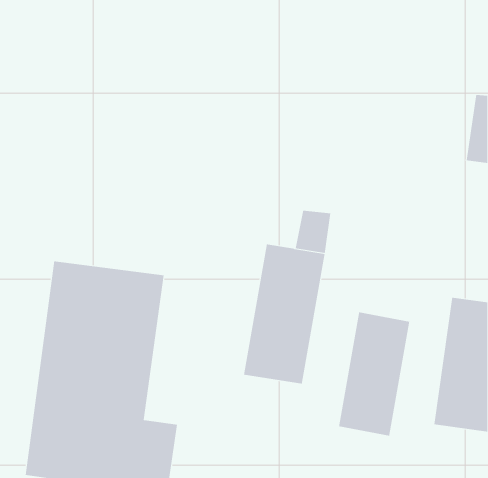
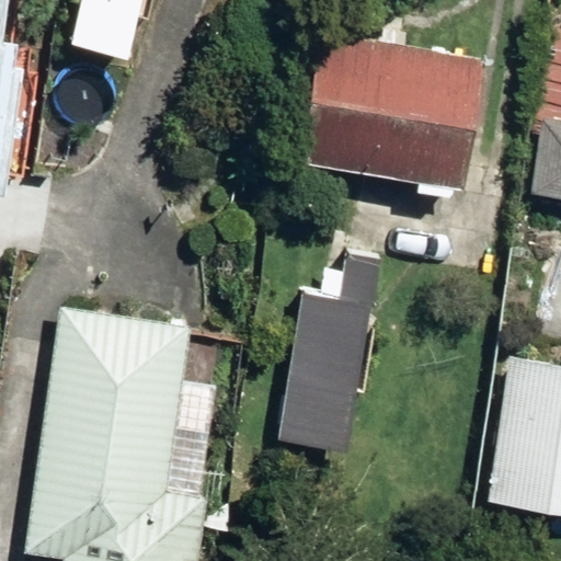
building: none -> [298,34,482,187]
building: [339,311,410,437] -> none

